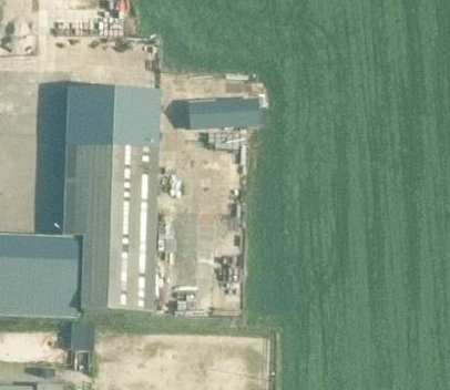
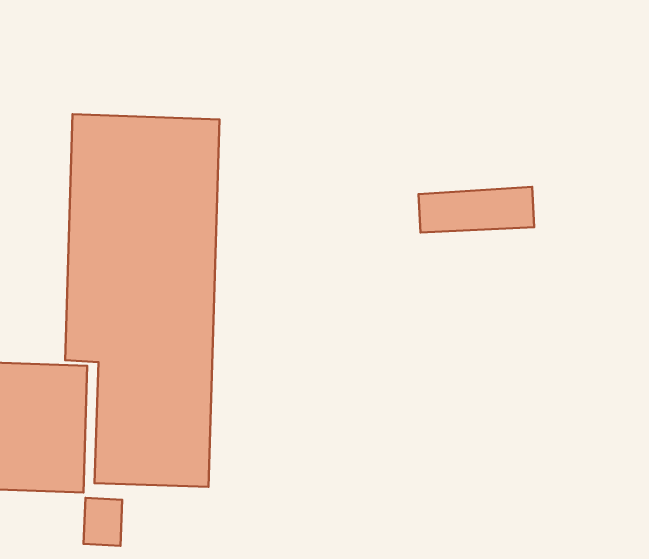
building: [188,99,258,126] -> [419,187,534,233]

